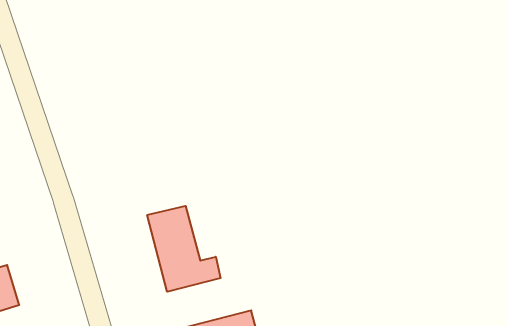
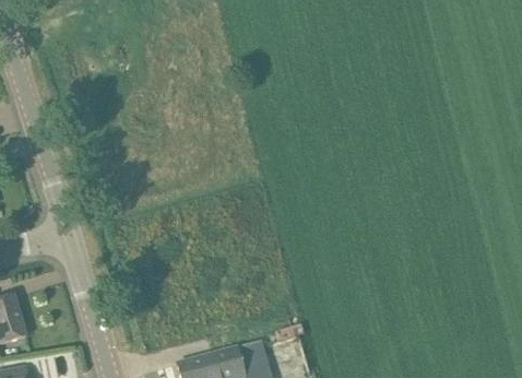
building: [147,206,221,292] -> none

